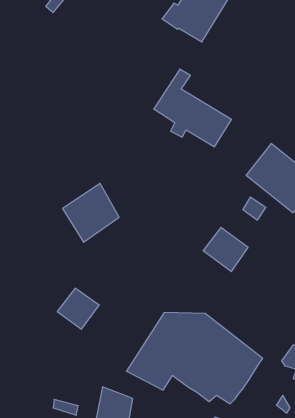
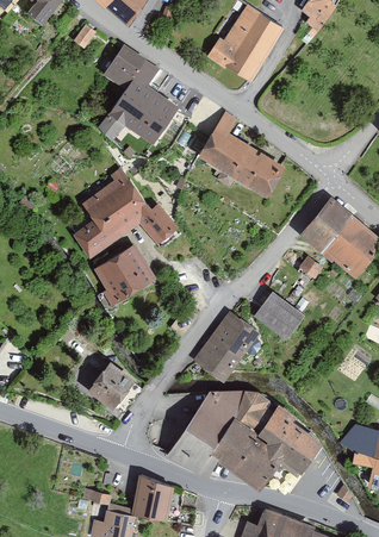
building: none -> [97,43,179,143]
building: none -> [70,168,176,258]
building: none -> [192,313,261,385]

